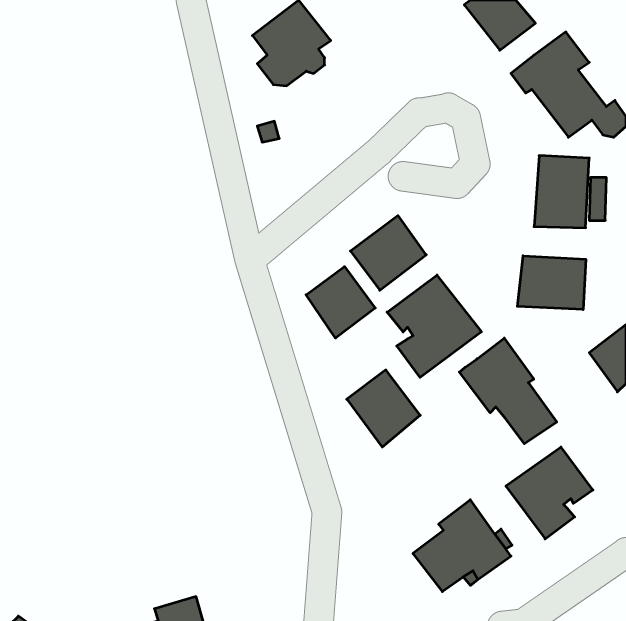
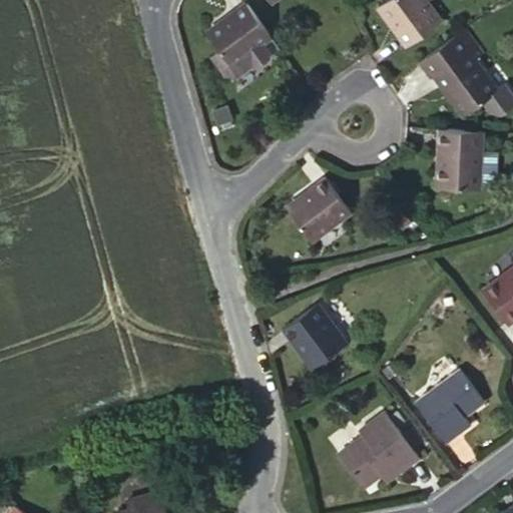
building: [517,256,586,310] -> none
building: [306,267,375,338] -> none
building: [387,275,481,377] -> none
building: [459,338,557,444] -> none

